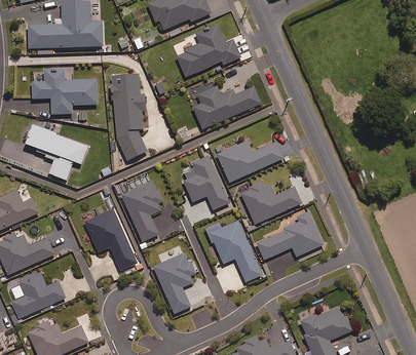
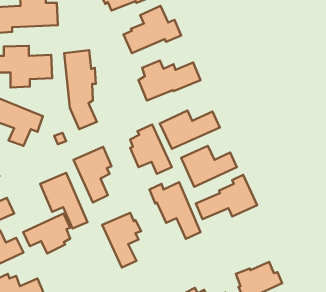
building: none -> [23,214,70,253]

